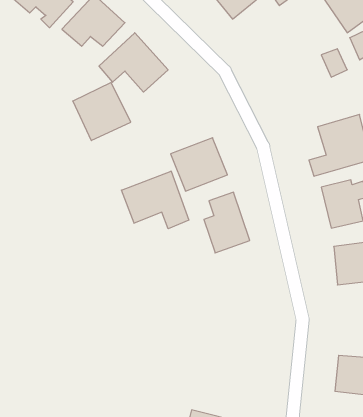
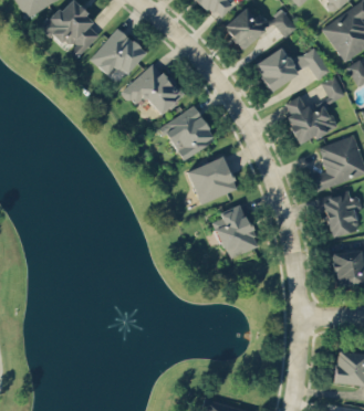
building: none -> [254,46,331,91]
building: none -> [282,96,336,145]
building: [73,82,131,141] -> [163,107,215,159]
building: [121,171,189,229] -> none

